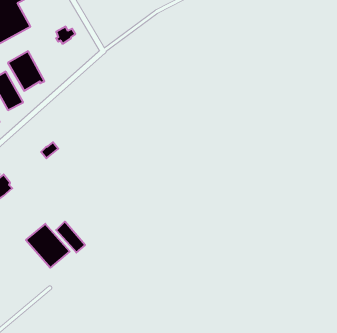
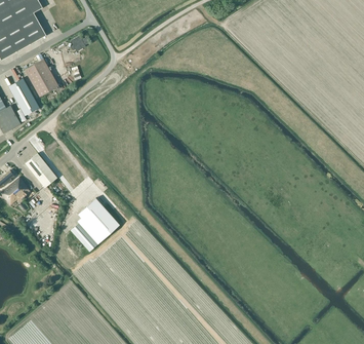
building: none -> [24,153,56,188]
building: [26,224,70,268] -> [77,198,119,240]

